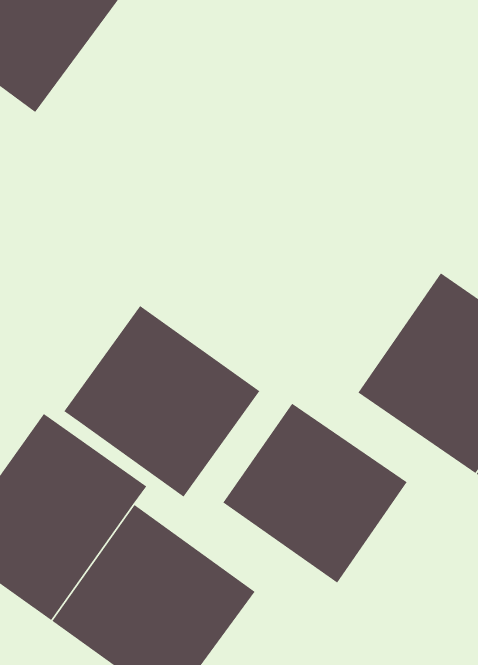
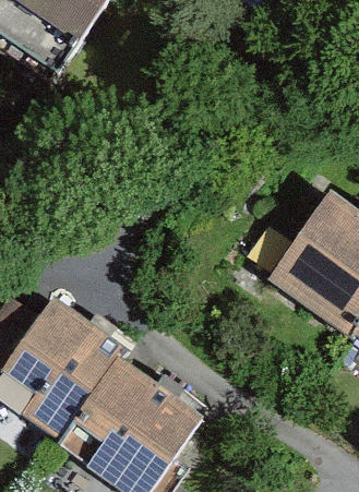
building: [64,305,260,497] -> none
building: [222,403,407,583] -> none

